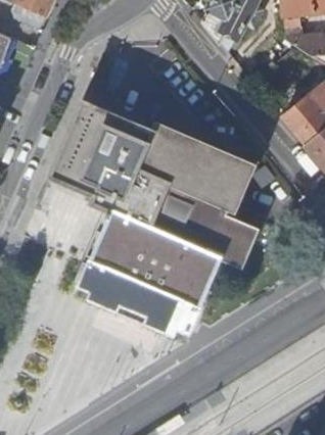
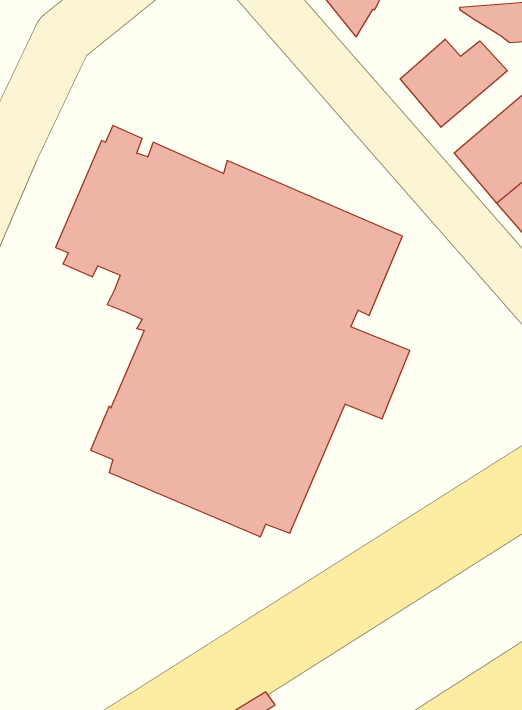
building: none -> [400,39,507,127]

